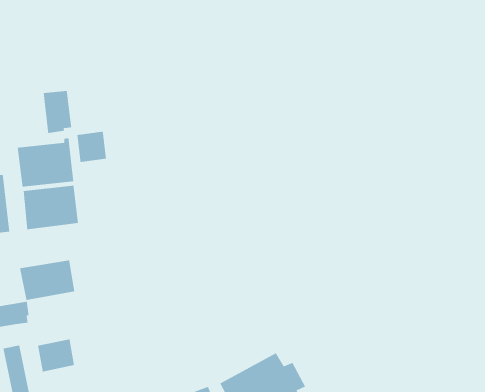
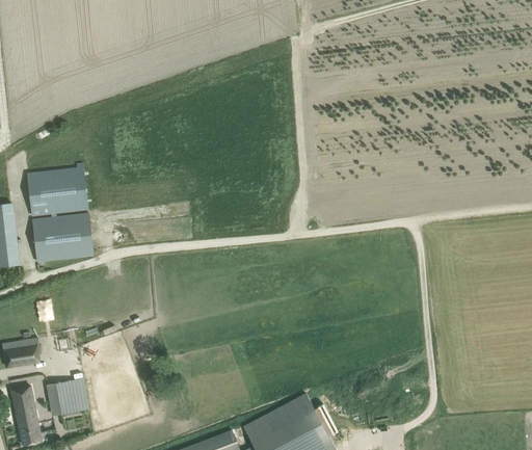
building: [43,90,72,134] -> none
building: [77,131,107,163] -> none
building: [19,260,75,301] -> none

